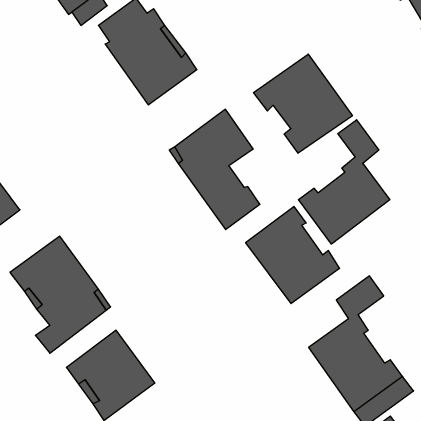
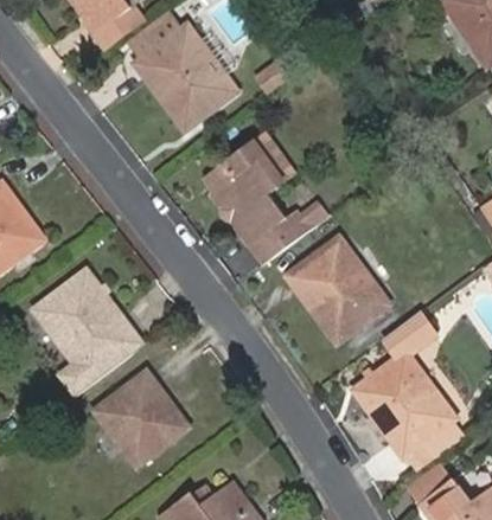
building: [254,54,352,153] -> none
building: [298,120,390,244] -> none

